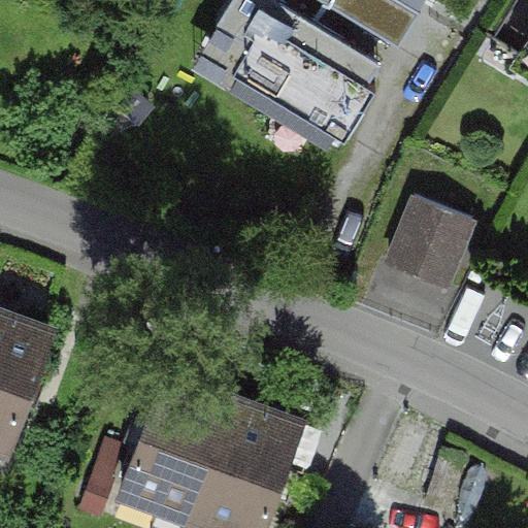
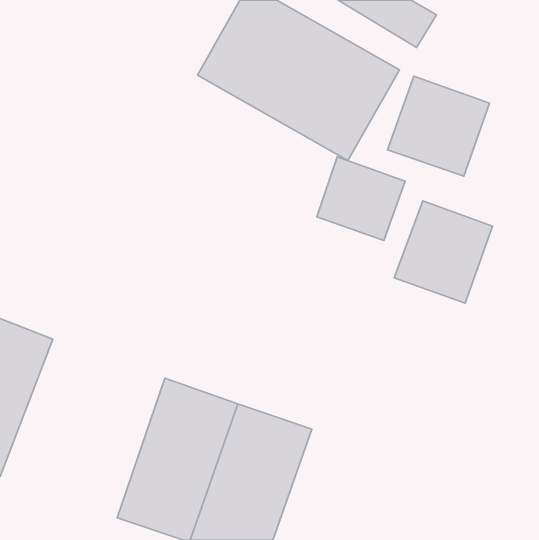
building: none -> [387,76,490,176]
building: none -> [317,157,405,240]

